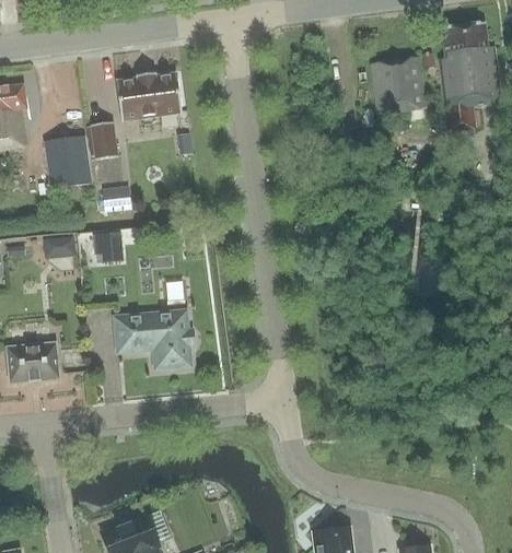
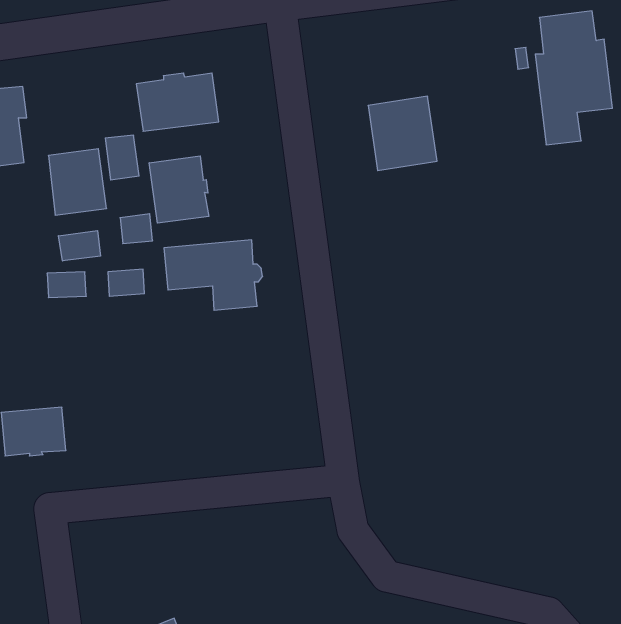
building: [370,55,426,115] -> [368,96,437,171]
building: none -> [149,156,209,223]
building: none -> [58,231,100,261]
building: [115,311,195,368] -> [164,240,263,310]

